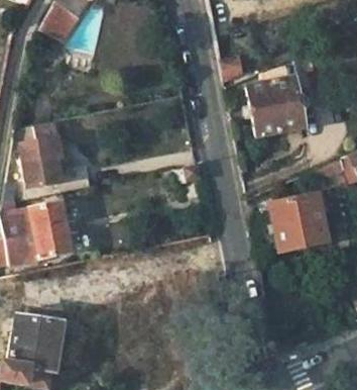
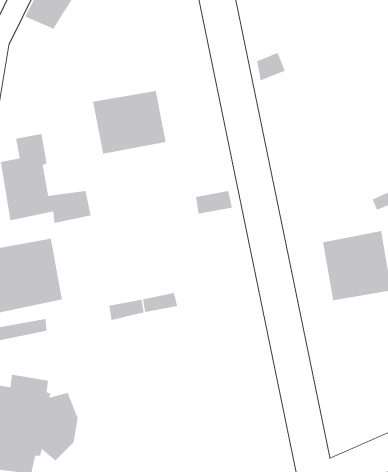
building: [248,56,304,135] -> none
building: none -> [92,90,166,155]

